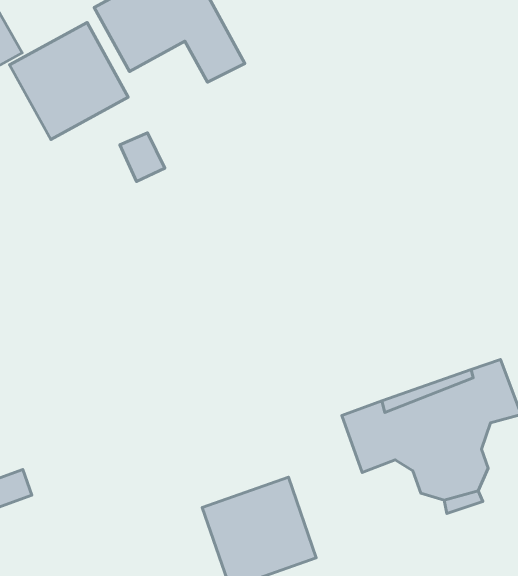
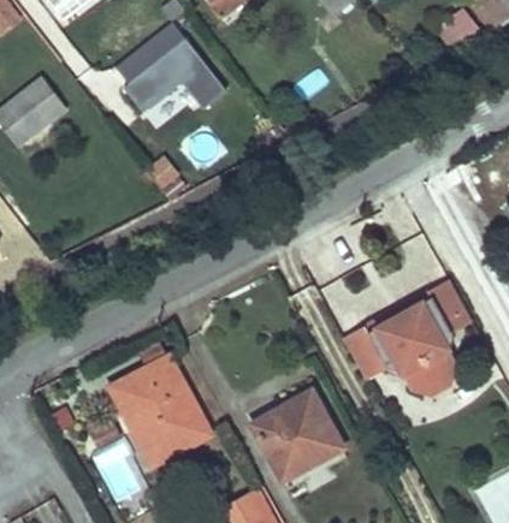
building: [10,22,128,139] -> none
building: none -> [108,356,208,464]

